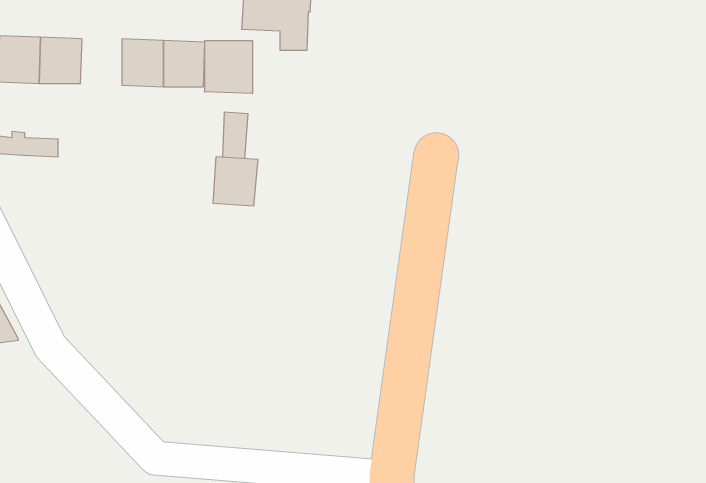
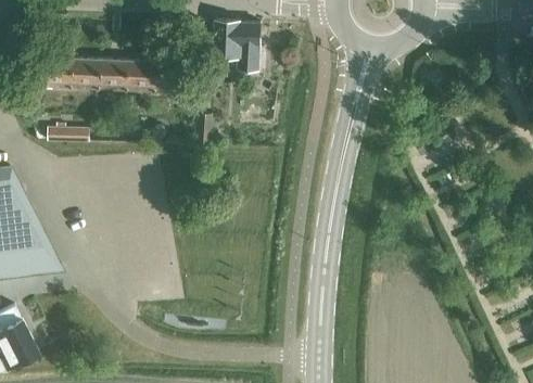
building: none -> [103,62,131,93]
building: [205,40,252,94] -> none
building: [213,157,258,206] -> none

